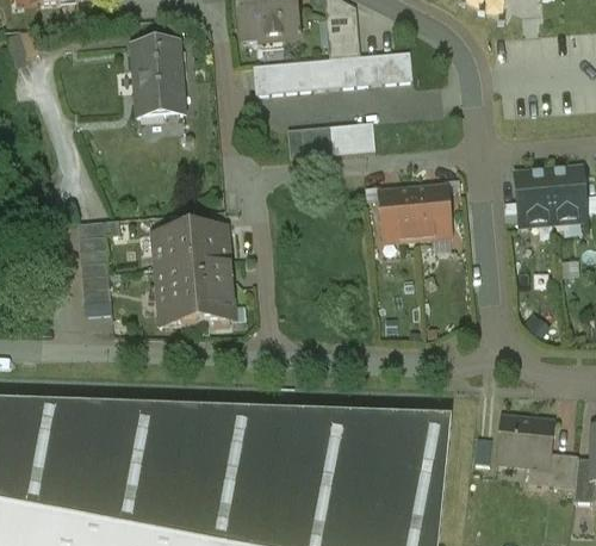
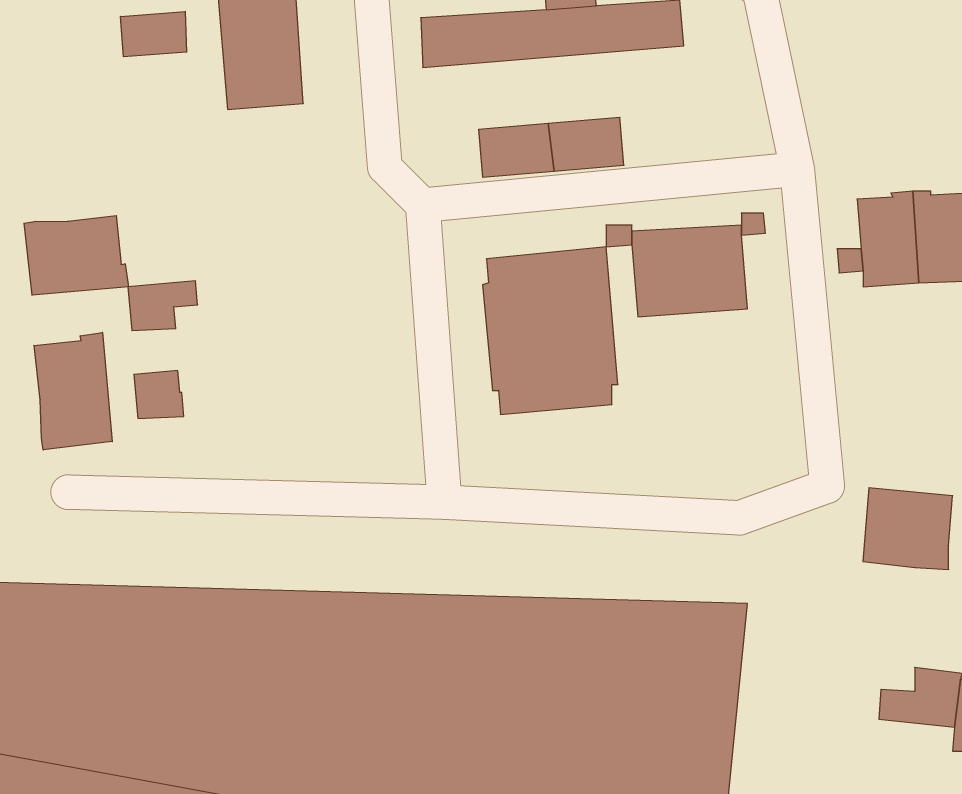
building: none -> [121,11,187,57]
building: none -> [24,216,128,295]
building: [154,225,235,325] -> [483,247,618,414]
building: none -> [34,332,112,450]
building: [498,417,552,466] -> [863,488,953,569]

